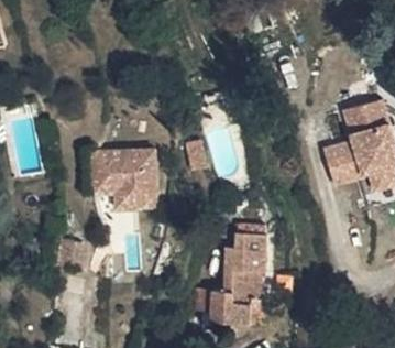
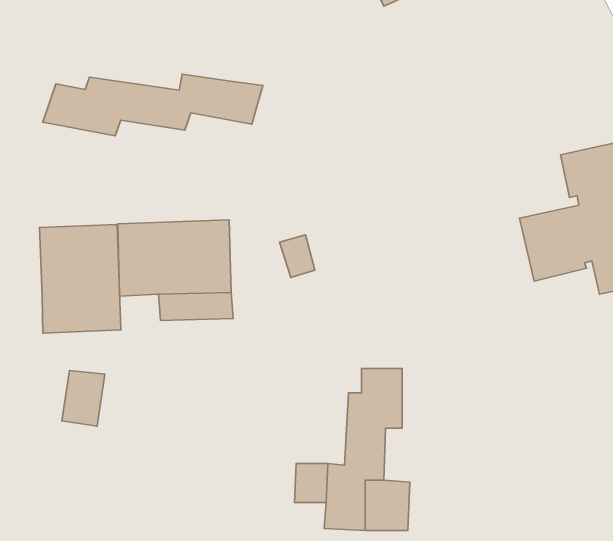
building: none -> [43,74,263,136]
building: none -> [39,225,121,333]

